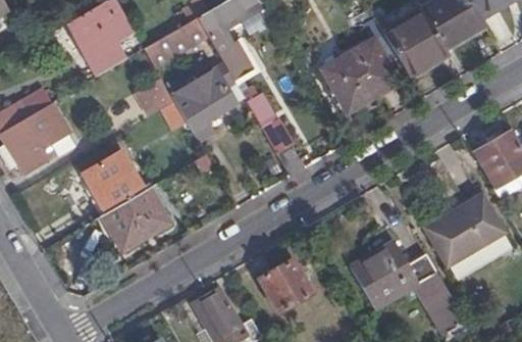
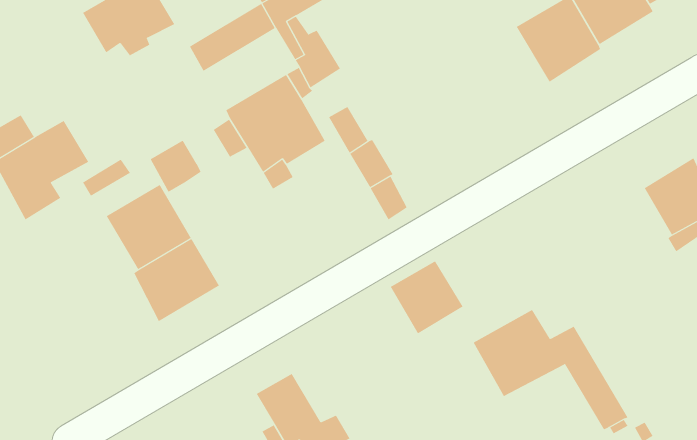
building: [324,41,396,109] -> none
building: [136,78,173,116] -> [150,140,201,193]
building: [426,195,504,264] -> none
building: [258,258,312,312] -> [390,261,463,334]

